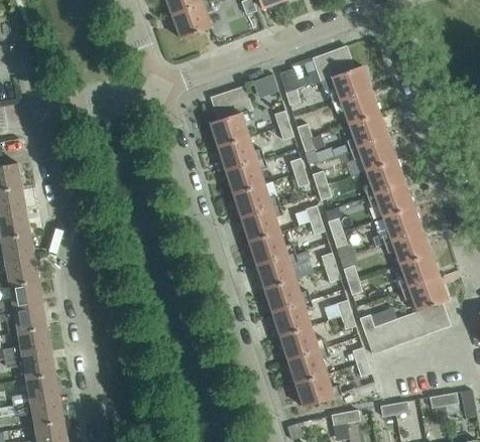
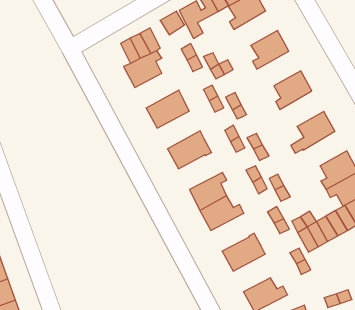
building: [333,89,379,123] -> none
building: [217,136,263,170] -> none
building: [350,136,396,170] -> none
building: [233,181,278,217] -> none
building: [367,182,413,217] -> none
building: [384,230,431,264] -> none
building: [248,231,294,265] -> none
building: [271,300,313,336] -> none
building: [287,347,328,384] -> none

